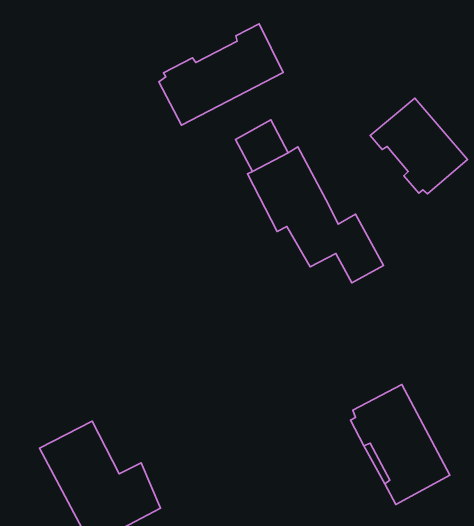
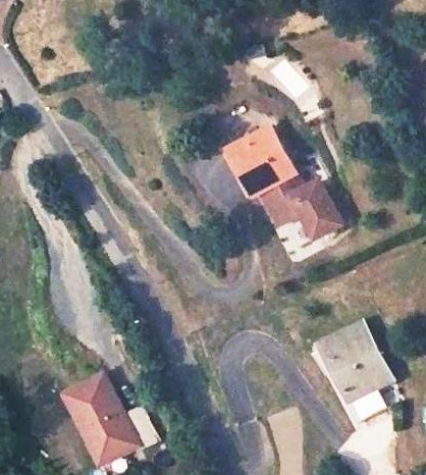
building: [159,24,283,125] -> none
building: [370,98,467,194] -> none

